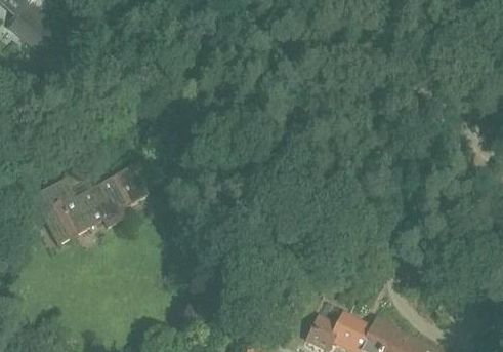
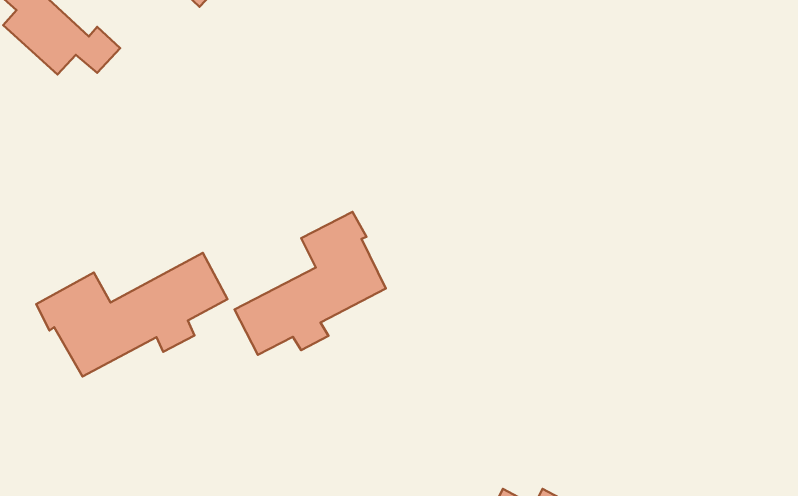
building: none -> [234,212,386,355]

